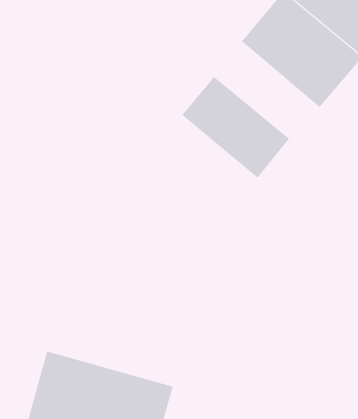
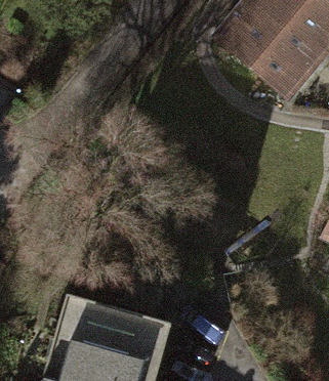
building: [182,76,290,178] -> none

